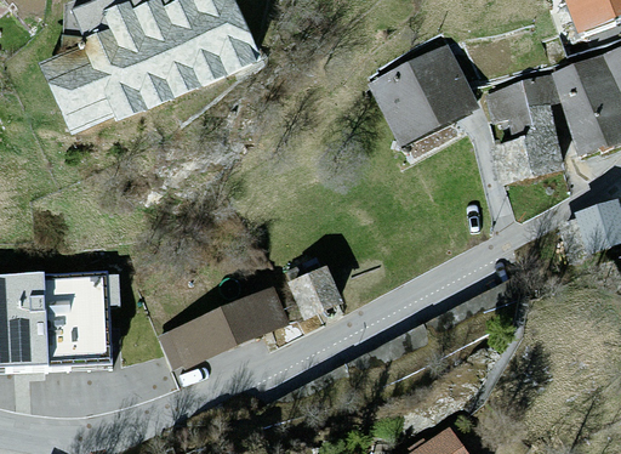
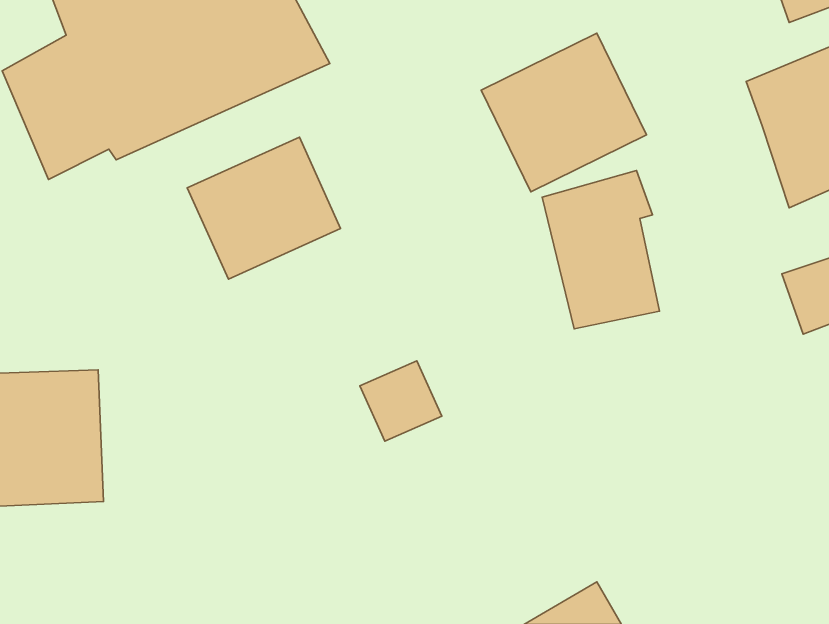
building: [484,74,564,182] -> [542,170,660,329]
building: none -> [187,137,341,279]
building: [165,283,287,368] -> none

